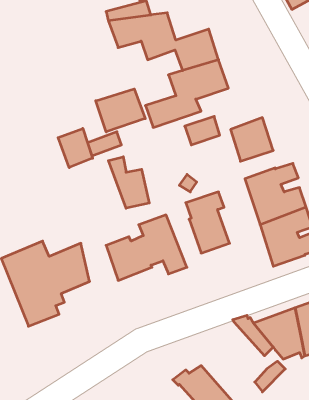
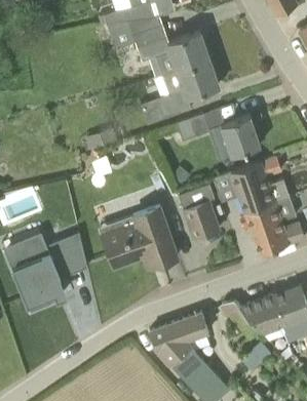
building: [96,89,145,132] -> none
building: [58,128,93,168] -> none
building: [108,157,149,208] -> none
building: none -> [151,313,209,361]

